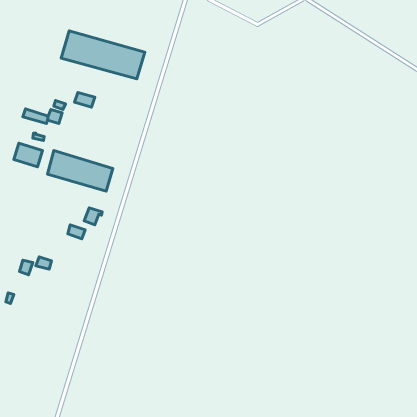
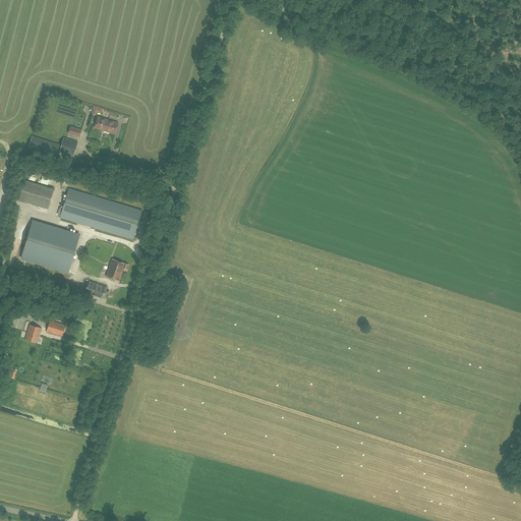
building: [61,31,145,79] -> none
building: none -> [19,220,79,274]

